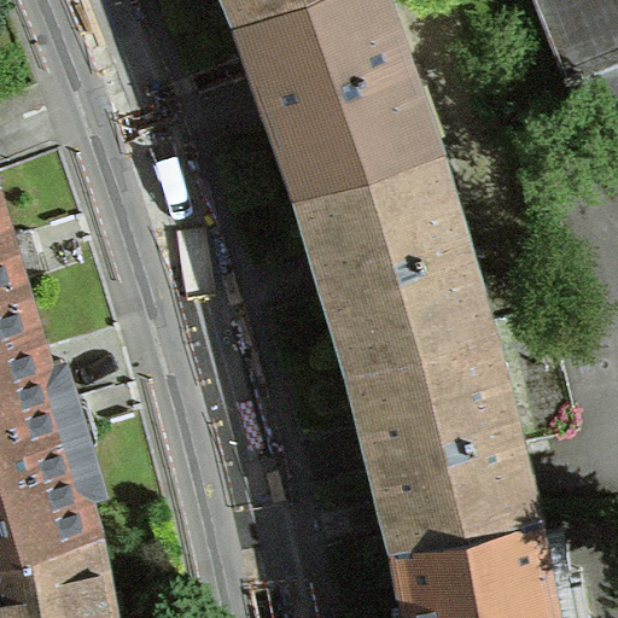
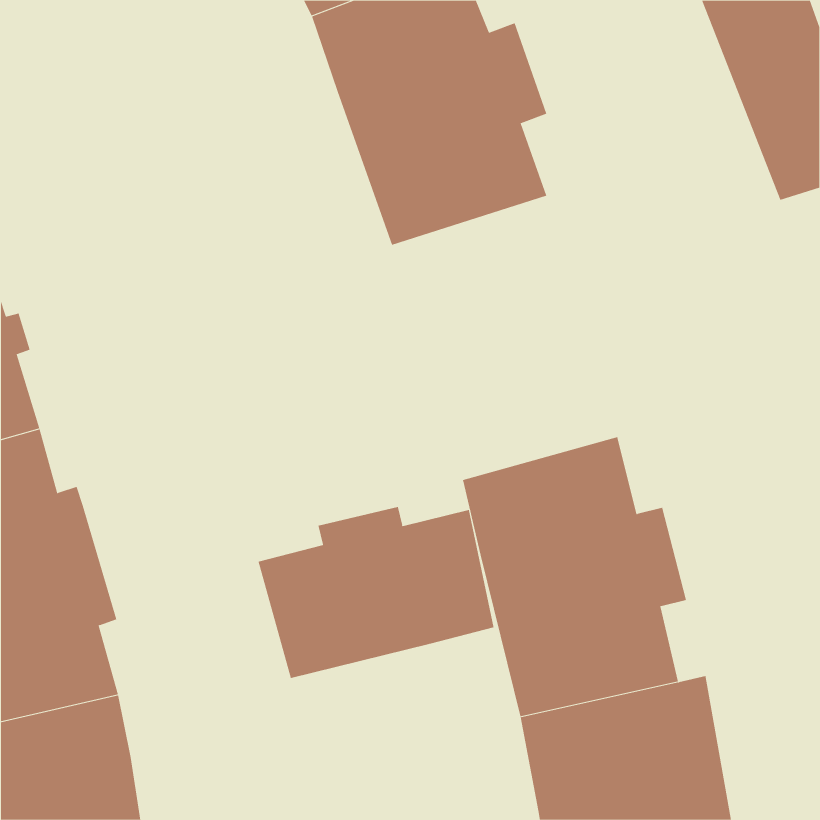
building: [295,147,468,361] -> none
building: none -> [258,506,494,679]

